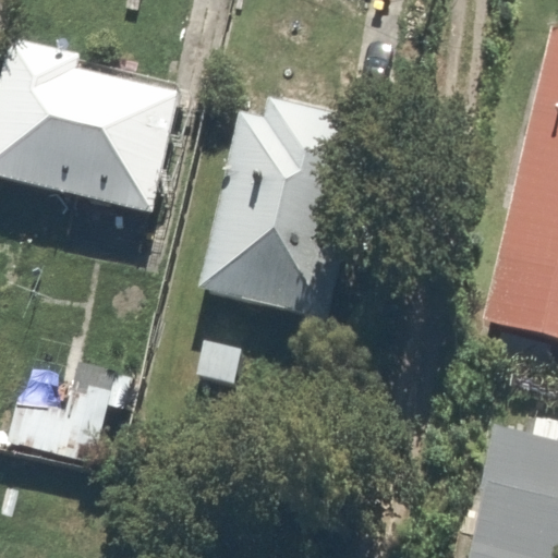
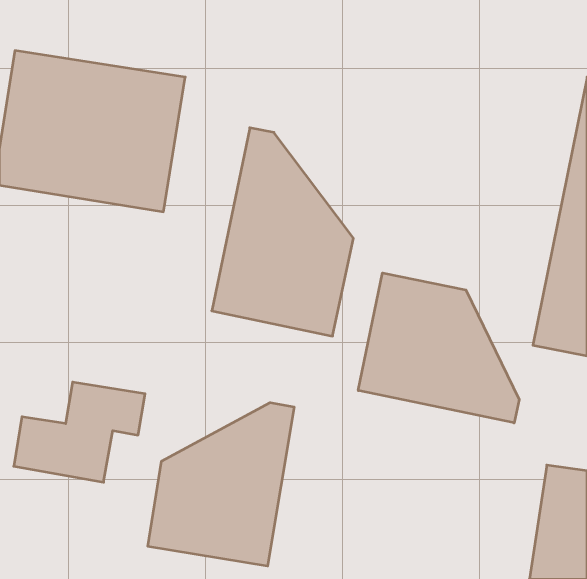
building: none -> [358,273,519,423]
building: none -> [148,403,294,566]

